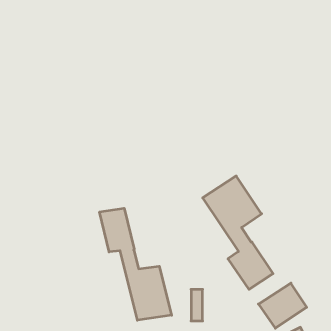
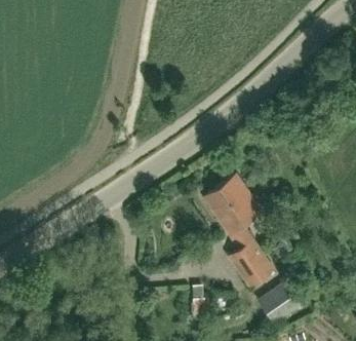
building: [100,208,172,320] -> none

